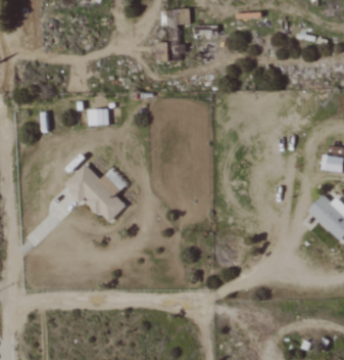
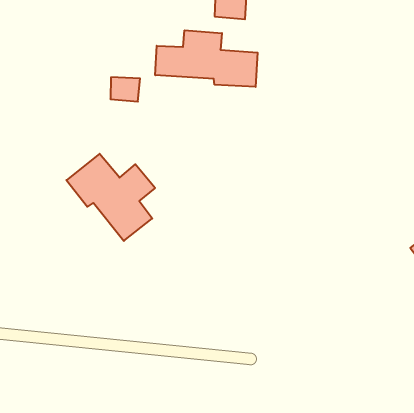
building: none -> [155,30,258,87]

